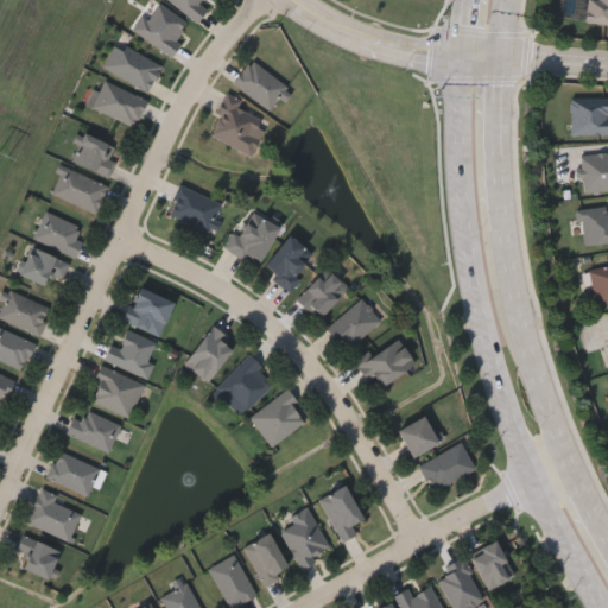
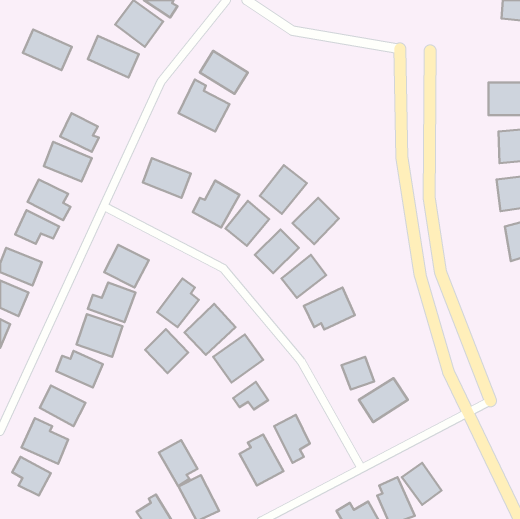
building: [90,81,147,128] -> [23,29,72,70]
building: none -> [260,165,307,214]
building: none -> [292,198,339,244]
building: none -> [145,329,188,373]
building: none -> [233,382,268,409]
building: [243,533,289,587] -> [159,440,198,486]

